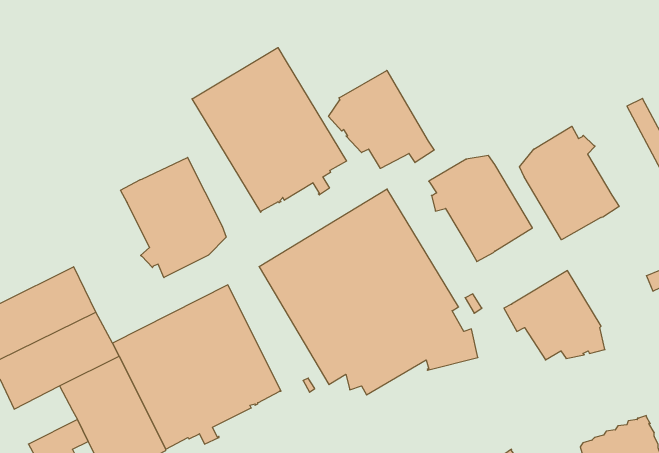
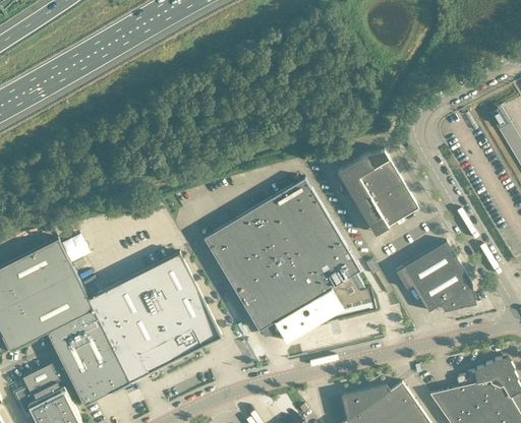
building: [192,48,347,212] -> none
building: [329,70,434,168] -> none
building: [519,126,619,240] -> none
building: [121,157,226,278] -> none

